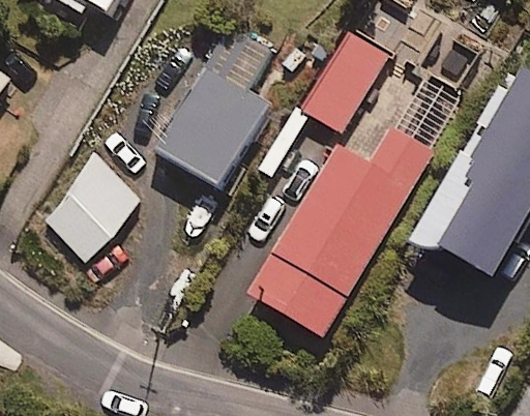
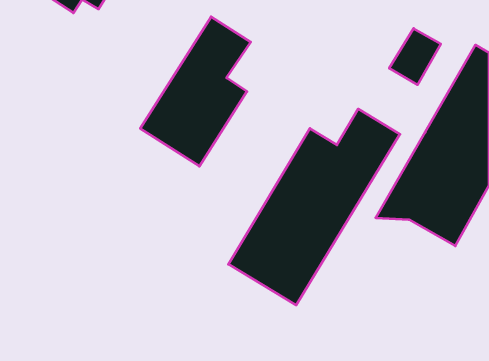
building: [303,29,391,135] -> none
building: [42,157,143,260] -> none

